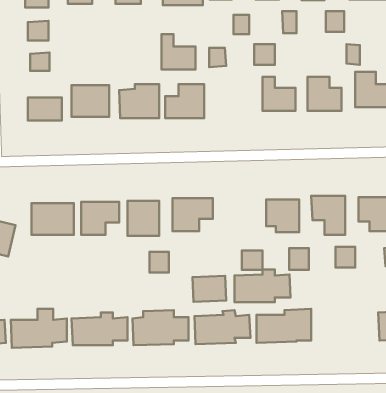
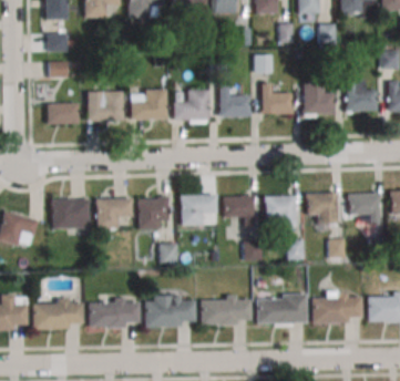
building: [161,34,195,70] -> [219,85,250,117]
building: none -> [224,197,255,227]
building: [235,269,291,302] -> [312,294,363,323]
building: [193,276,226,302] -> none

